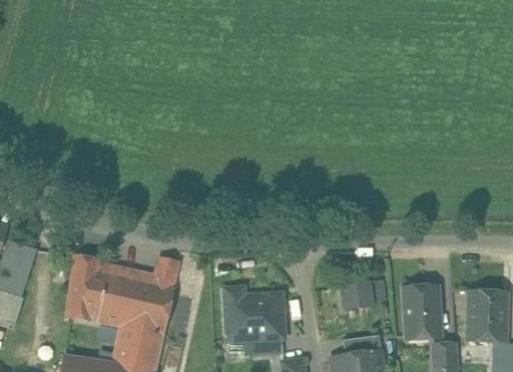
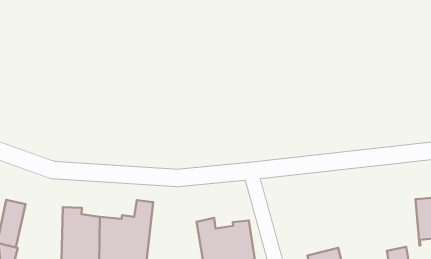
building: [338,284,374,312] -> none
building: [403,285,441,339] -> none

